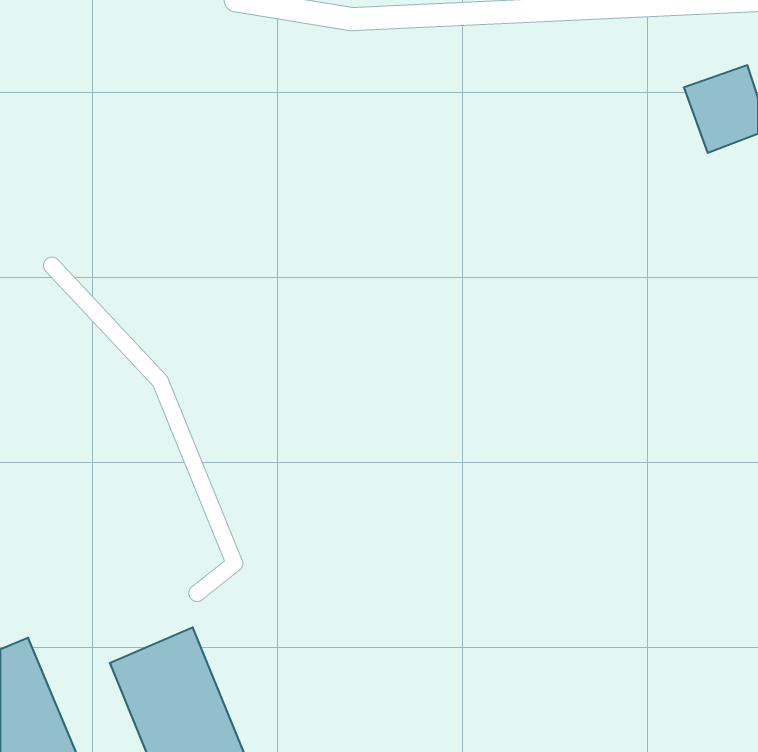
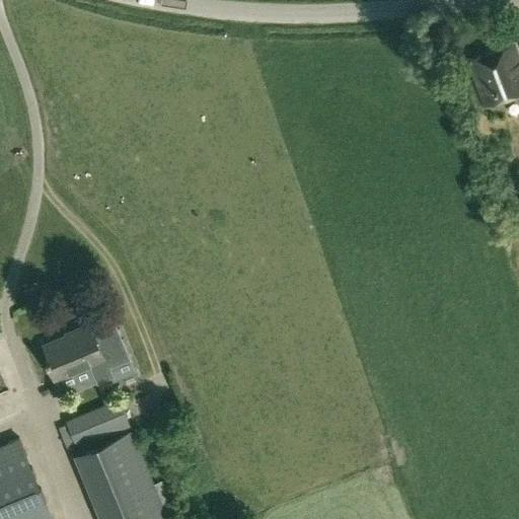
building: none -> [44,328,128,384]
building: none -> [58,401,130,454]

